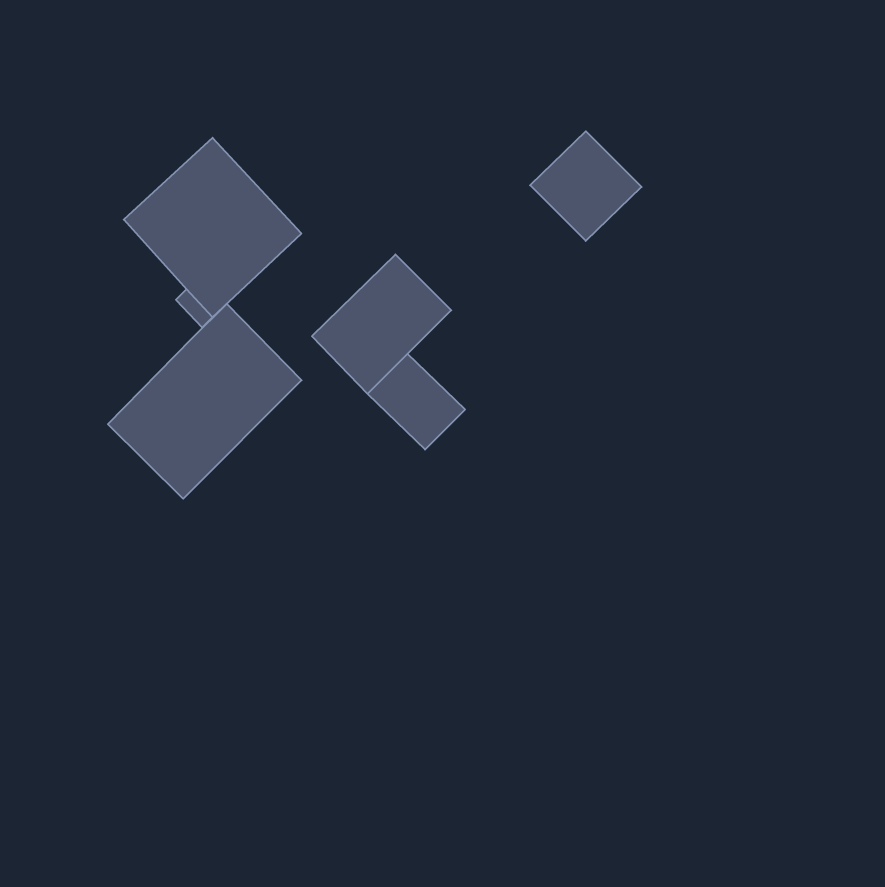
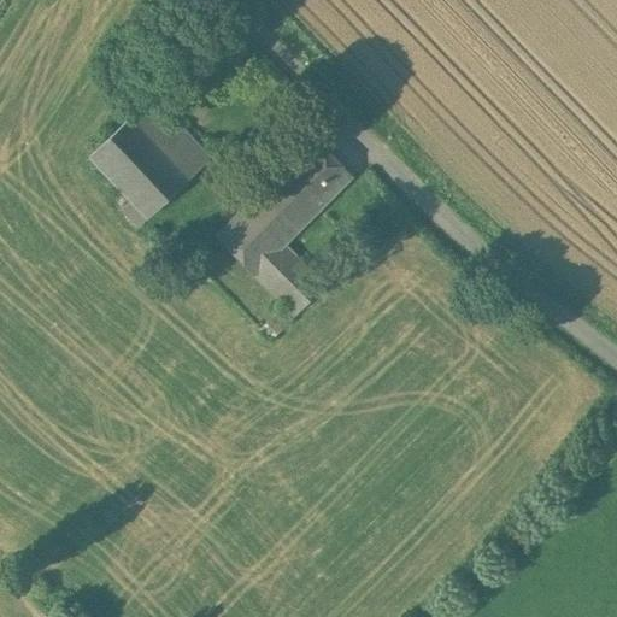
building: [530,131,642,241] -> [277,141,354,217]
building: [108,304,302,499] -> none

